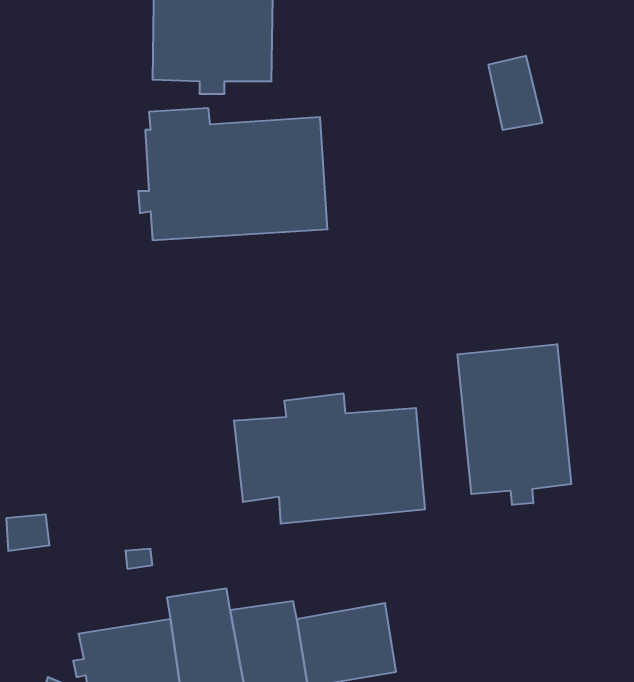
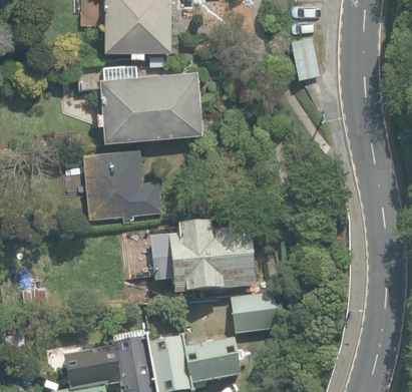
building: none -> [83,149,162,223]
building: [457,344,571,505] -> none
building: none -> [230,294,278,337]

